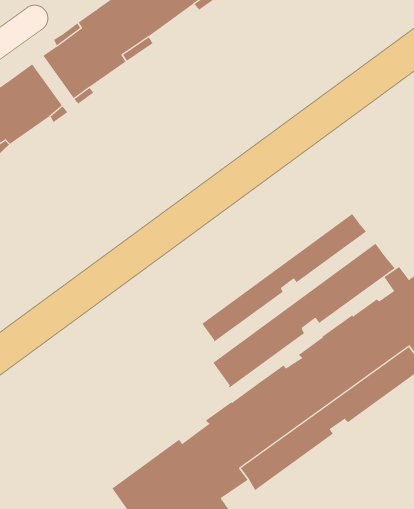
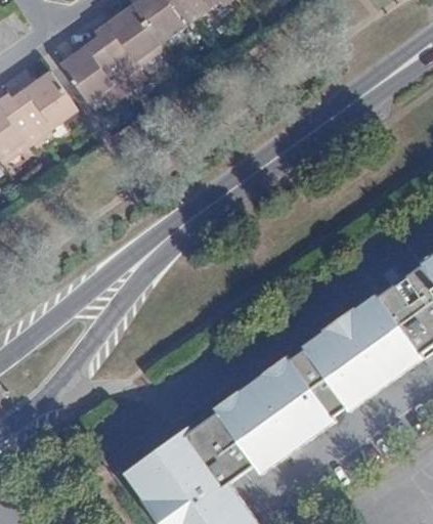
building: [201,213,367,343] -> none
building: [212,243,395,388] -> none

